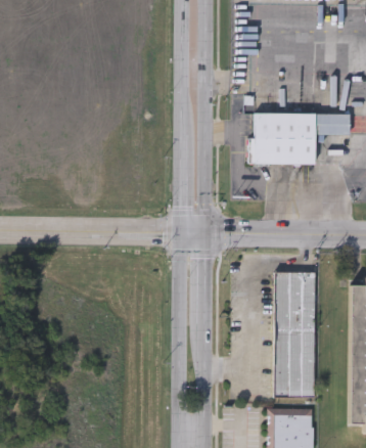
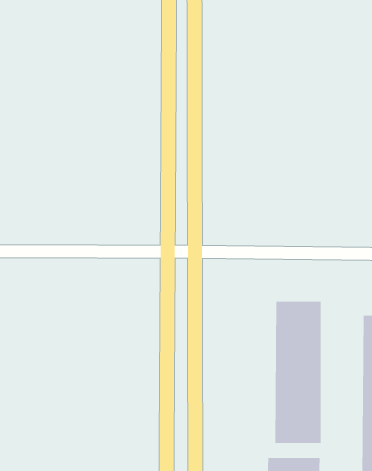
building: [249,113,351,165] -> none

